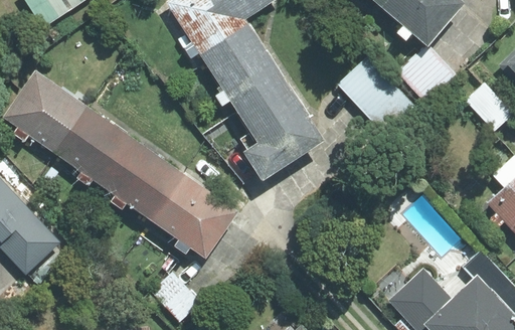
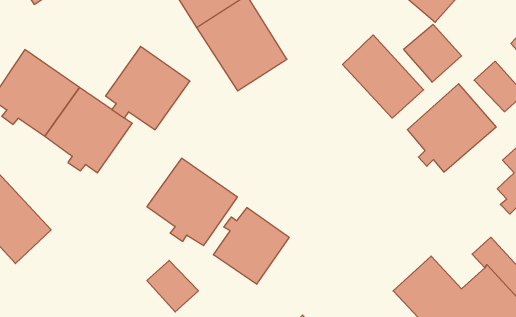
building: [238,79,325,180] -> none
building: none -> [407,84,496,172]
building: [105,141,185,220] -> [106,46,190,130]
building: none -> [213,208,289,284]

